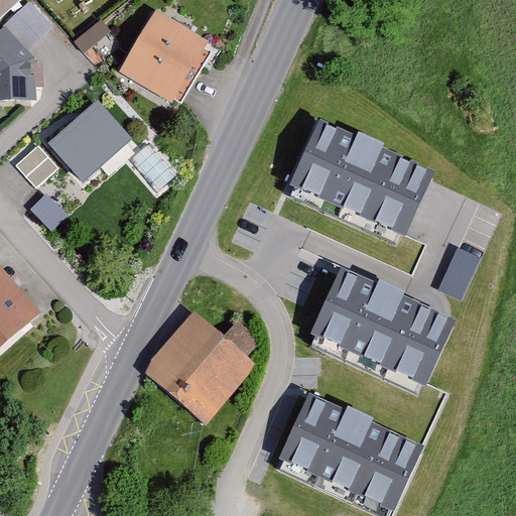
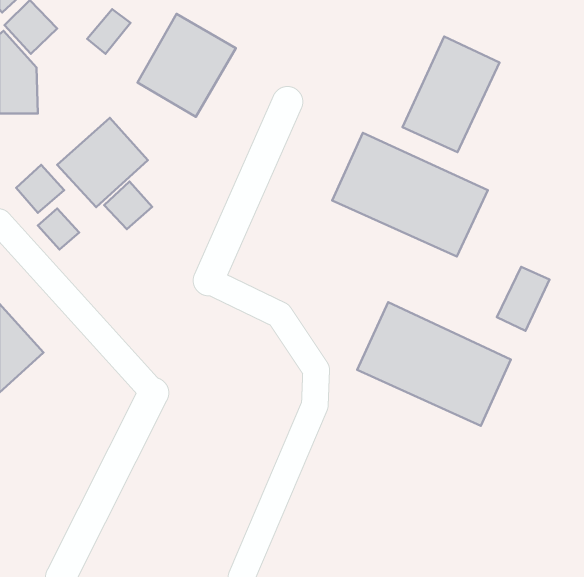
building: none -> [403,37,499,152]
building: none -> [104,182,152,229]
building: [144,312,261,426] -> none
building: [283,393,417,499] -> none

